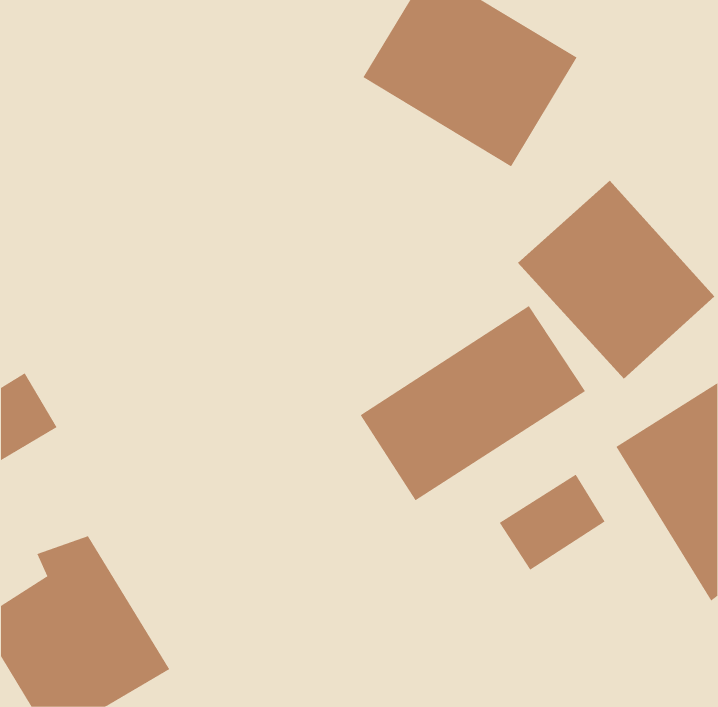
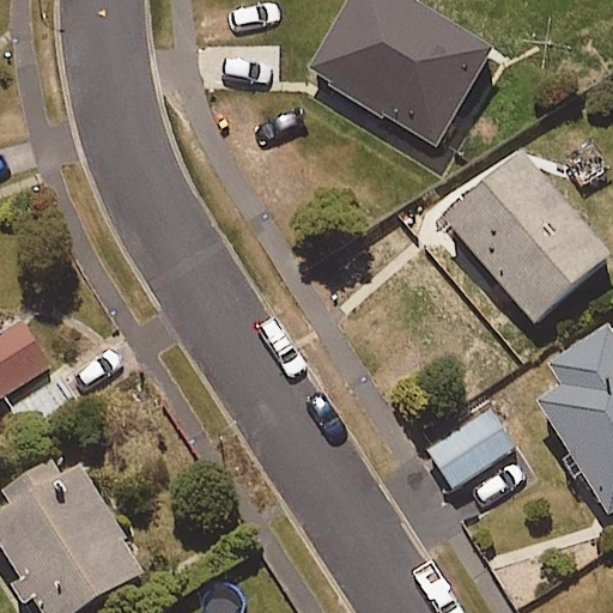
building: [360,305,586,501] -> none

